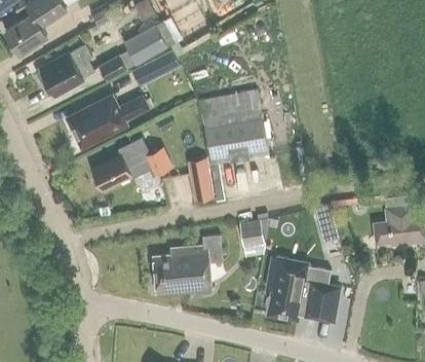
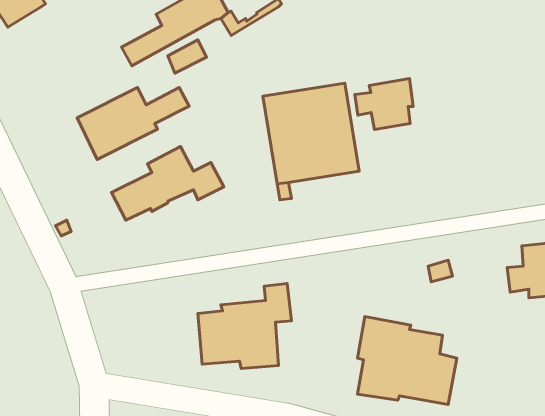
building: [36,44,92,94] -> none
building: none -> [355,78,413,129]
building: [190,171,214,202] -> none
building: [238,218,267,246] -> none

